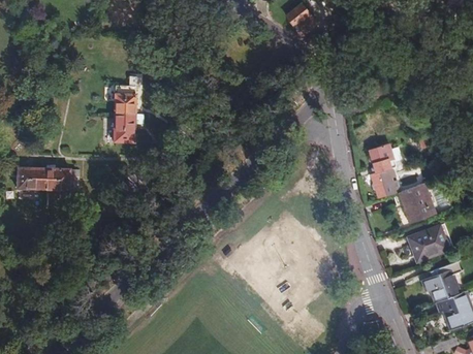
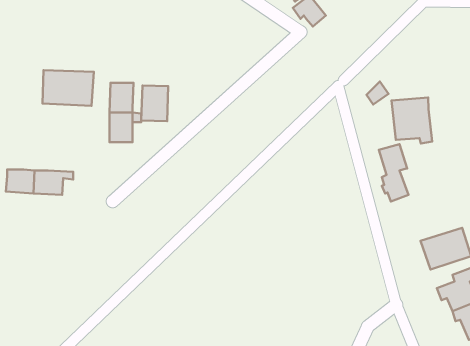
building: none -> [42,70,94,106]
building: none -> [141,85,168,121]
building: none -> [392,97,432,144]
building: [392,183,435,222] -> none

